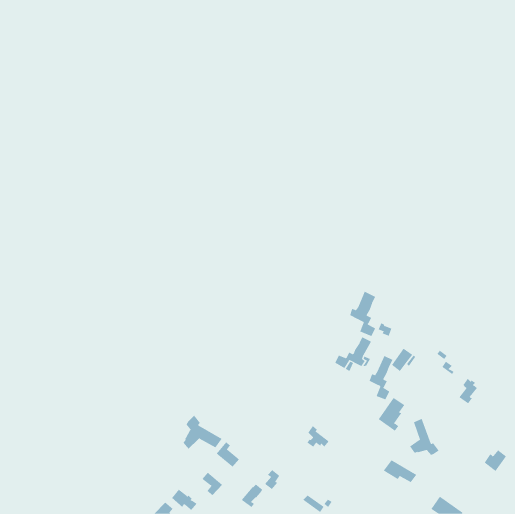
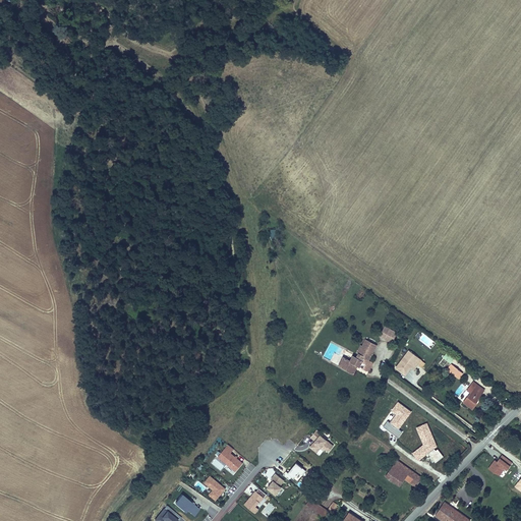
building: [349,291,376,337] -> none
building: [369,355,393,400] -> none
building: [183,415,223,449] -> none

